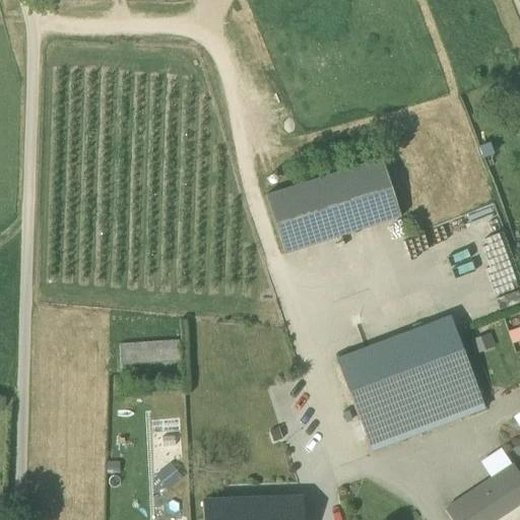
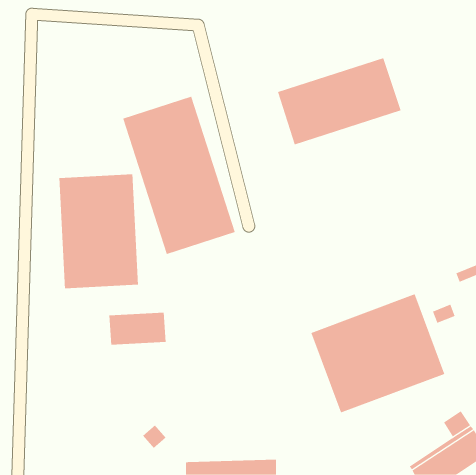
building: none -> [122,96,235,255]
building: [267,156,402,252] -> [277,57,402,145]
building: none -> [59,174,138,289]

